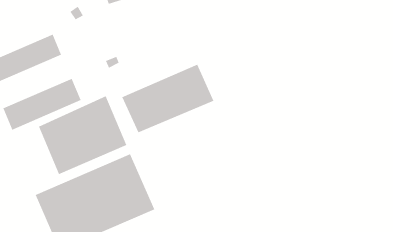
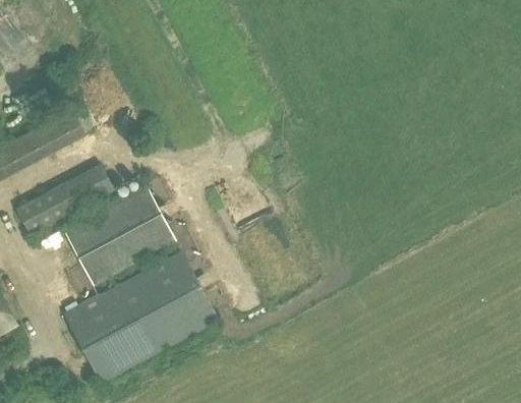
building: [121,64,214,133] -> none

